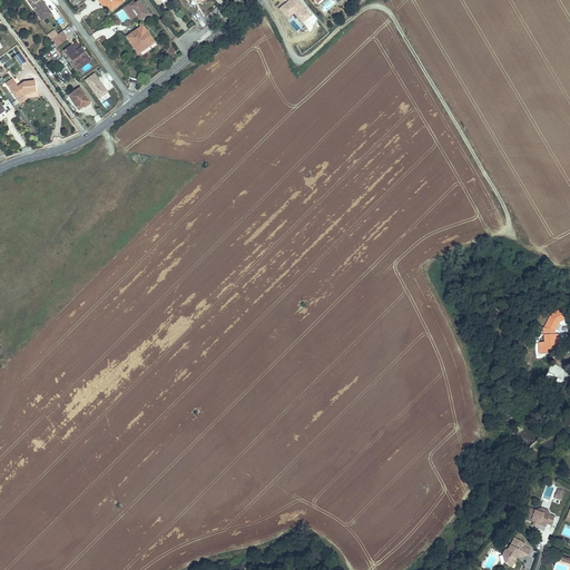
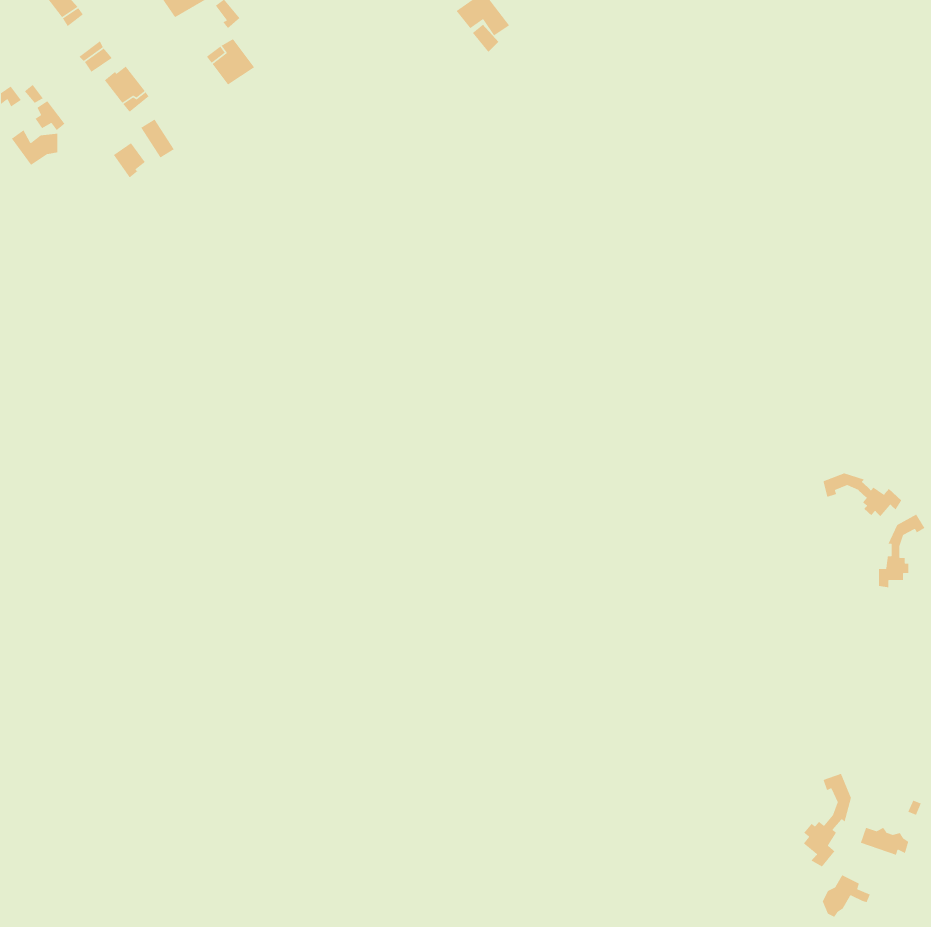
building: none -> [822,472,902,517]
building: none -> [803,773,852,867]

